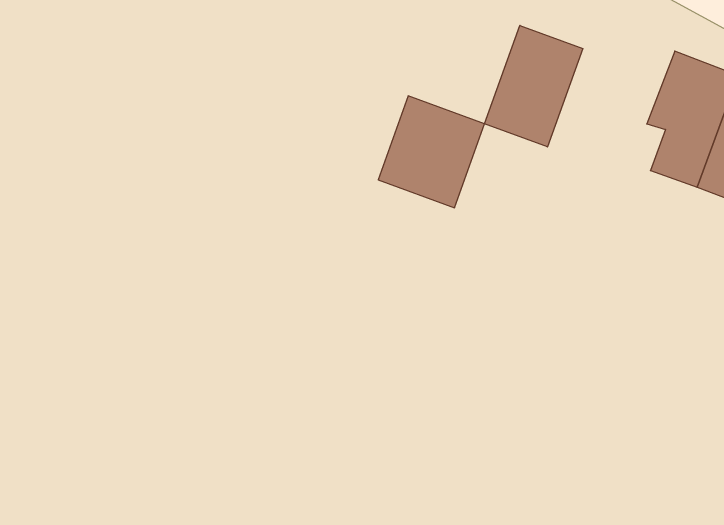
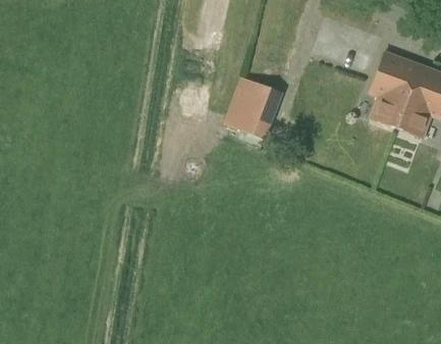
building: [484,25,583,147] -> none

